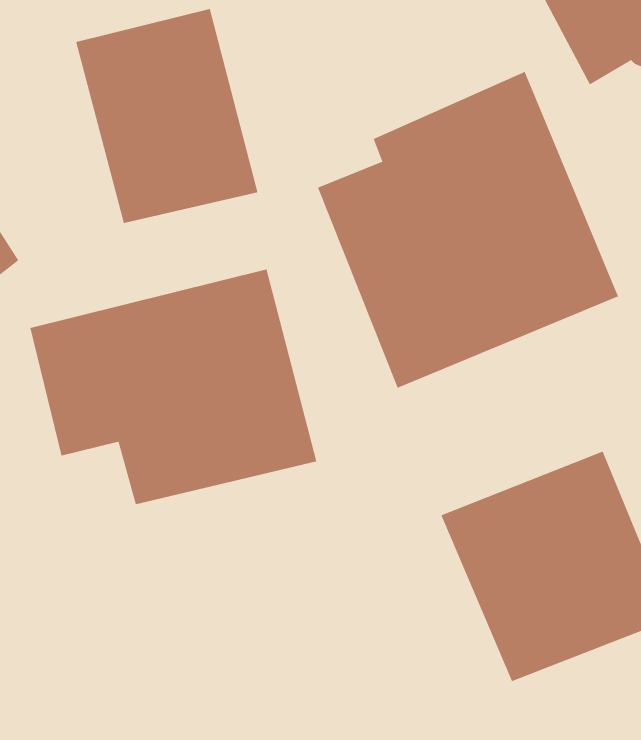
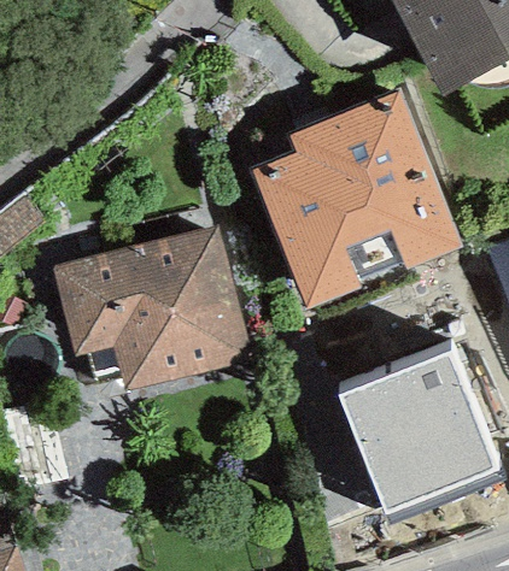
building: [75,8,258,224] -> none

